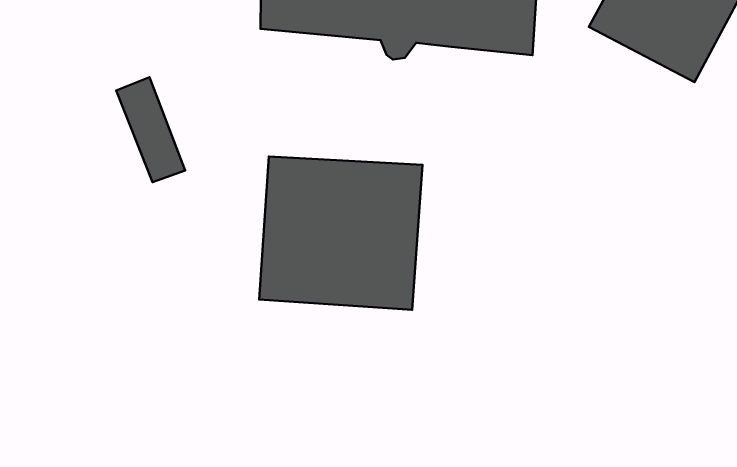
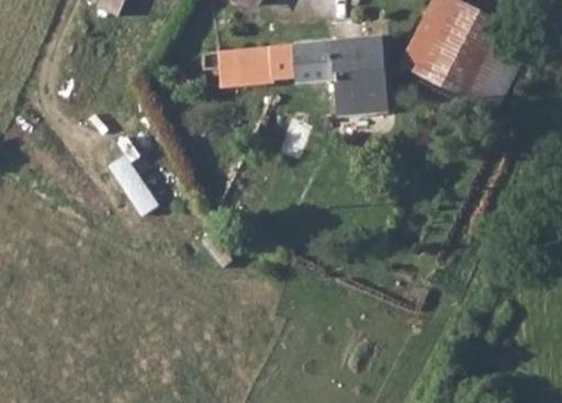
building: none -> [321,81,375,117]
building: [259,157,422,310] -> none

